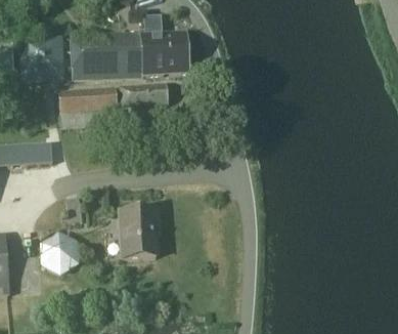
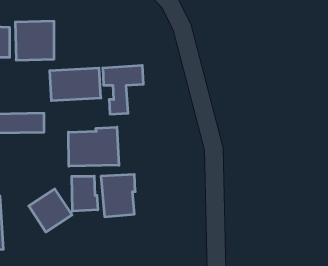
building: [73,16,188,79] -> none
building: none -> [68,127,119,166]
building: none -> [72,176,98,211]

